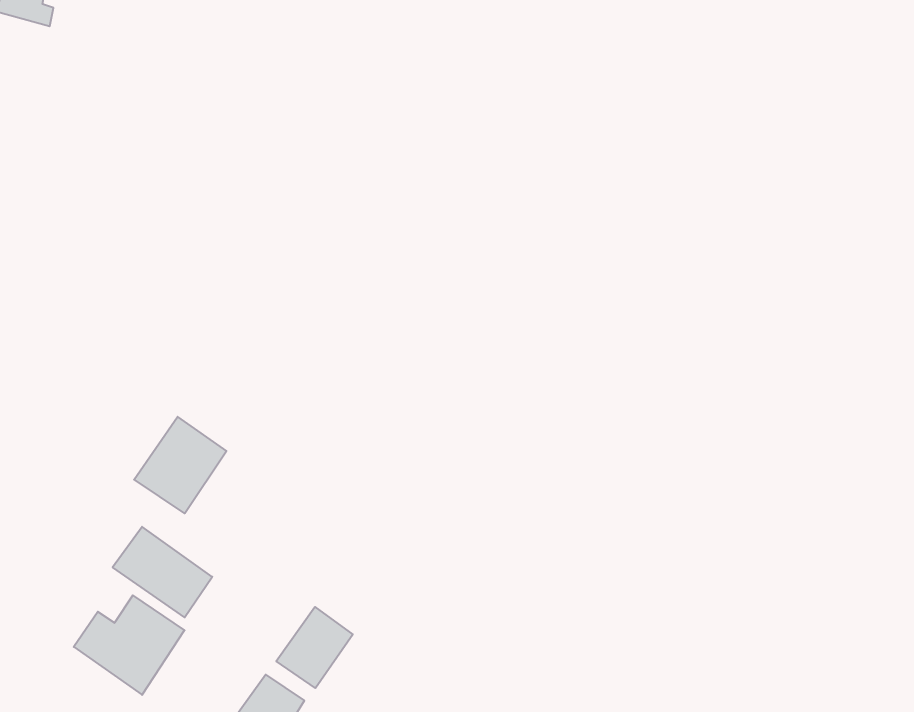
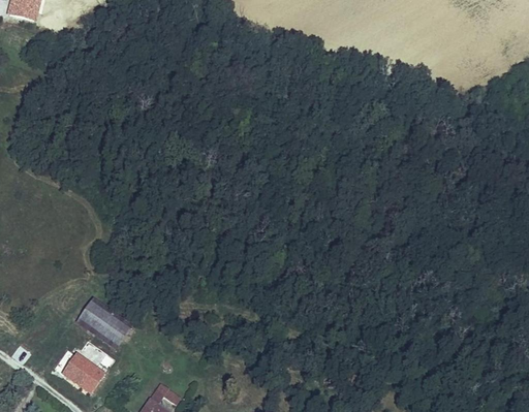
building: [134,417,226,513] -> none
building: [276,607,353,688] -> none

